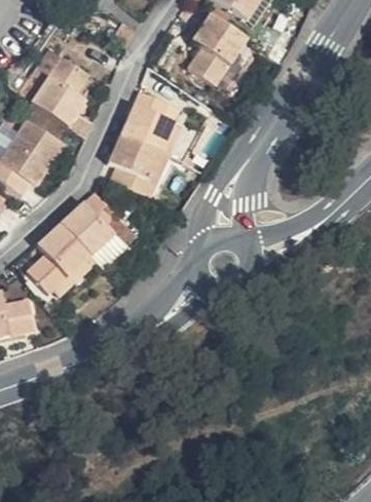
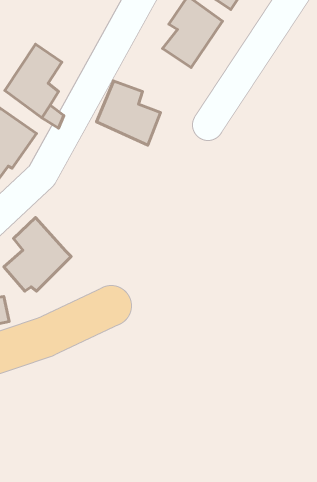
building: [116,131,180,198] -> none
building: [70,194,123,258] -> none

